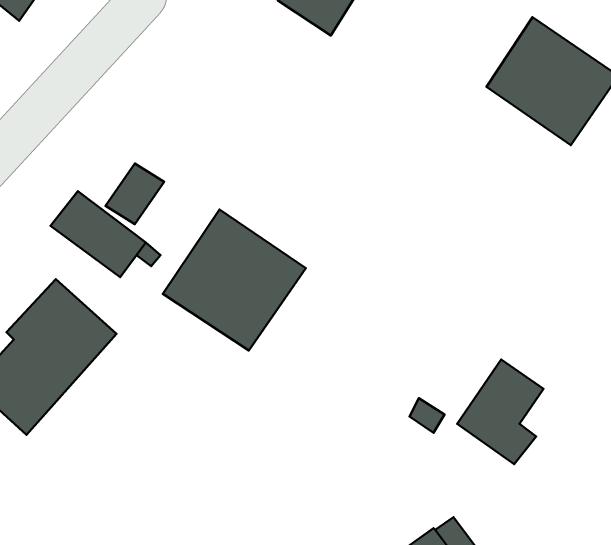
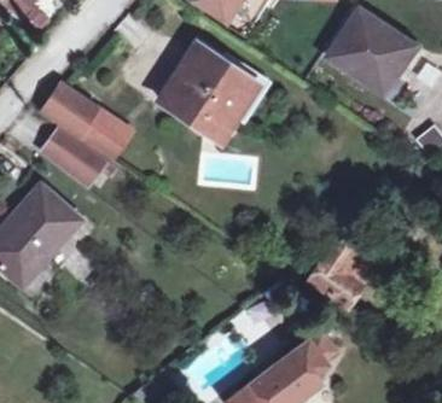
building: none -> [45,84,98,136]
building: [163,209,306,350] -> [162,49,256,142]

